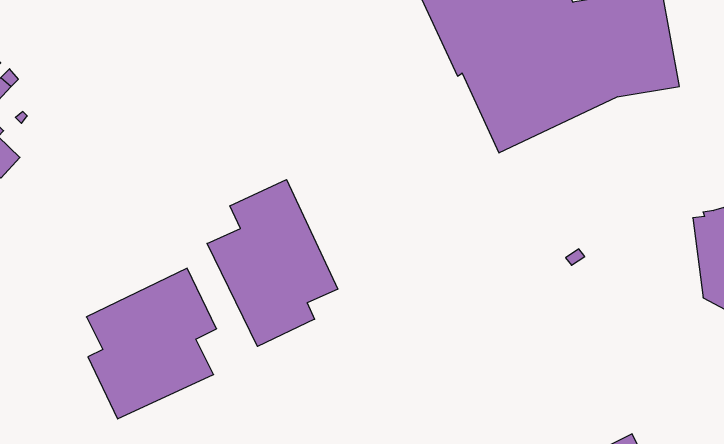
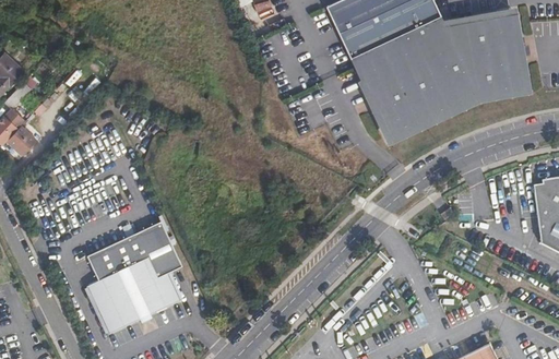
building: [207,180,338,346] -> none

